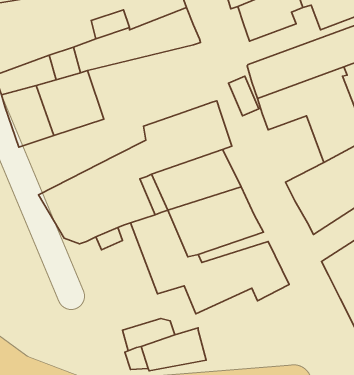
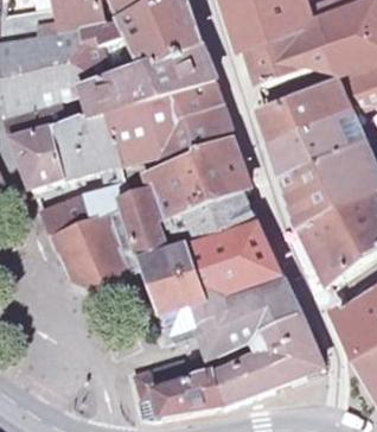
building: none -> [97,87,225,164]
building: none -> [281,159,338,227]
building: none -> [38,182,126,240]
building: none -> [210,331,319,408]

